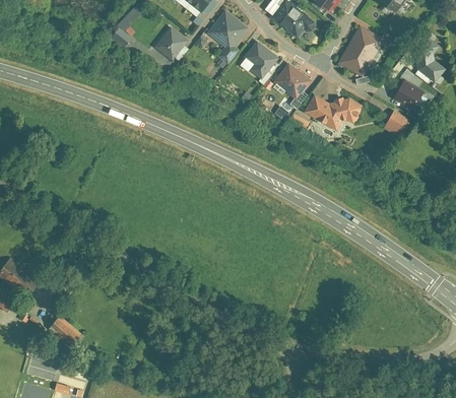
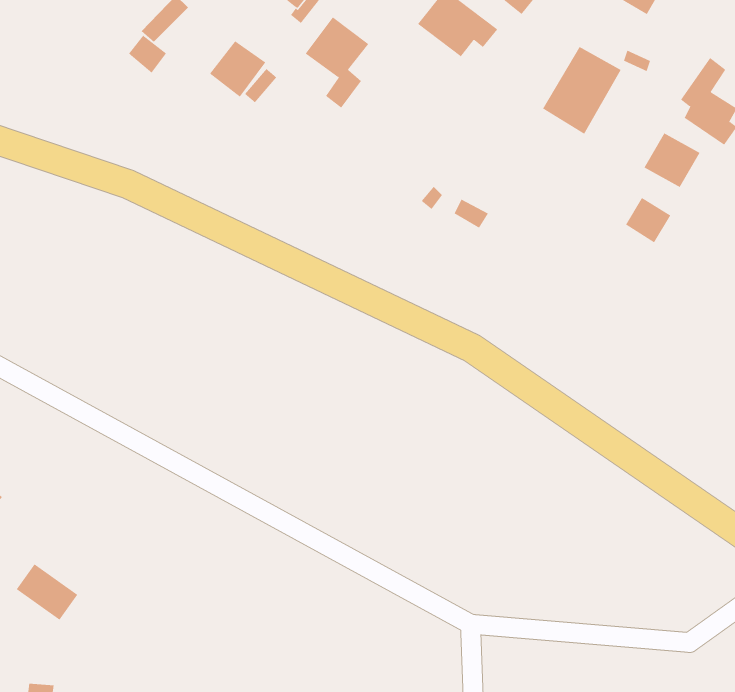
building: [243,37,283,78] -> none
building: [274,64,309,97] -> none
building: [305,91,364,130] -> none

